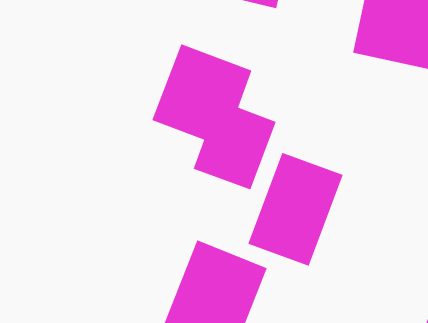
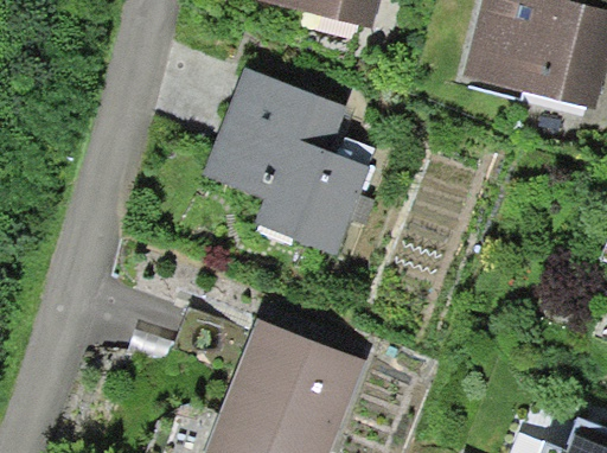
building: [247,152,344,267] -> none

